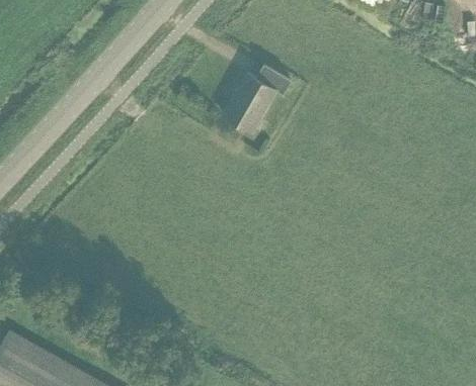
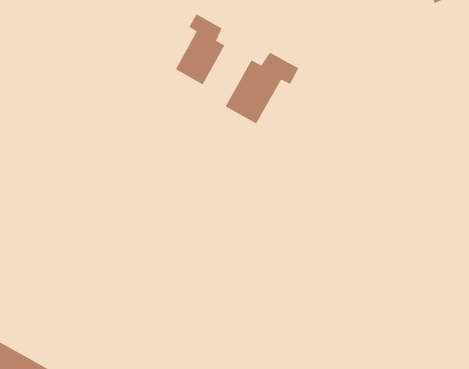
building: none -> [175,14,225,85]

